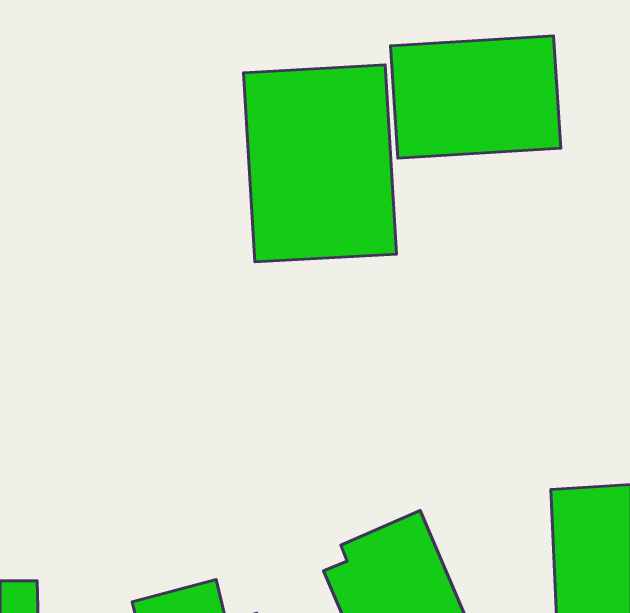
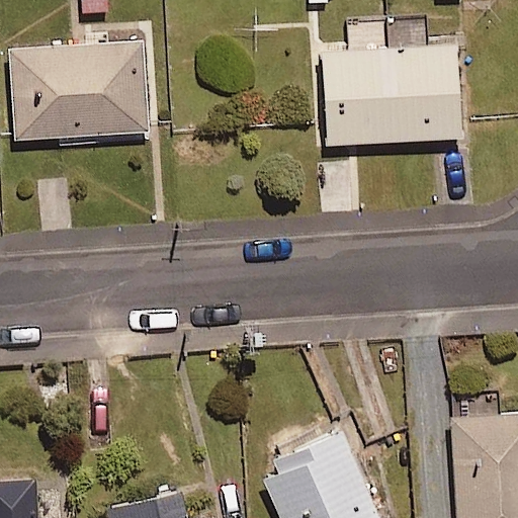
building: none -> [9,41,148,141]
building: [243,65,397,262] -> none

